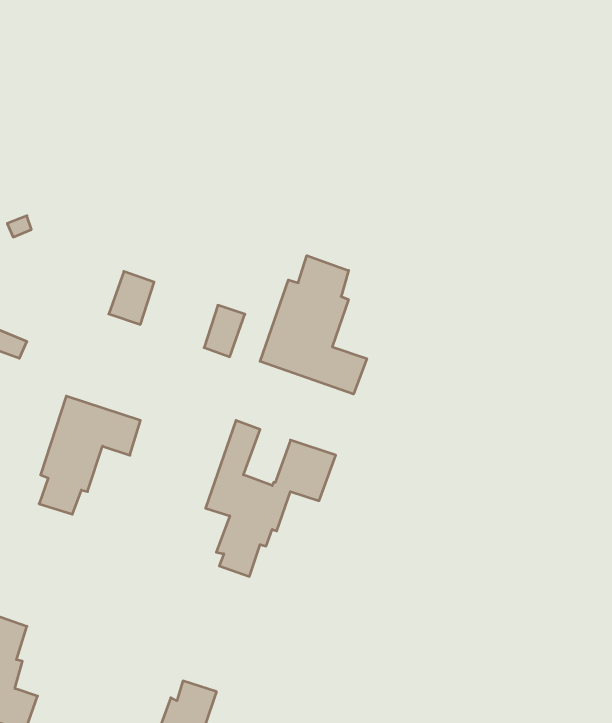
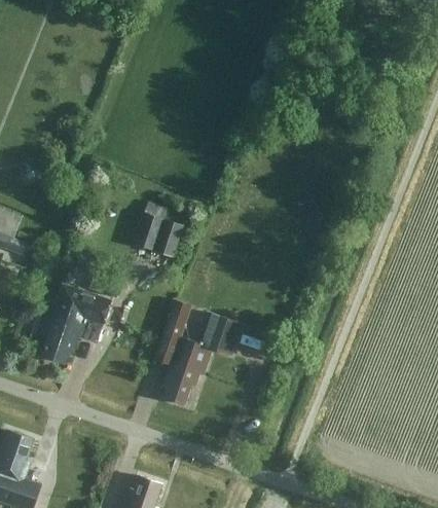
building: [260,256,367,394] -> none
building: [109,271,154,324] -> [132,214,162,250]

